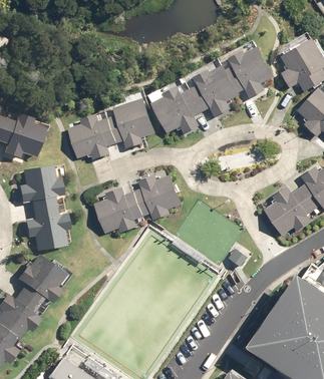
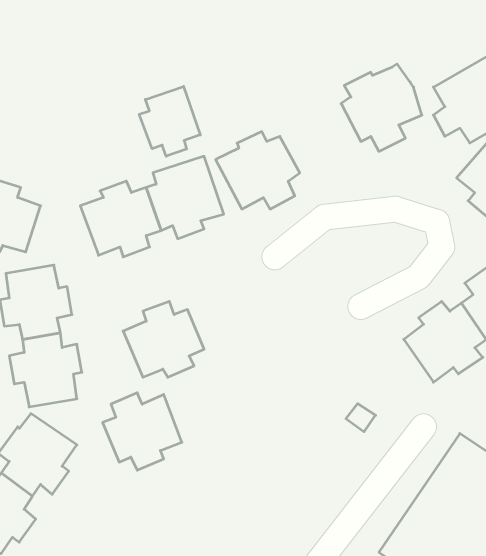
building: none -> [139,86,200,156]
building: [190,62,240,115] -> none
building: [133,174,182,222] -> [103,393,182,470]

